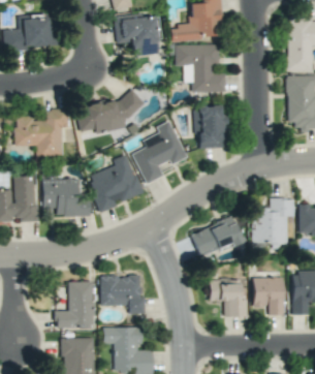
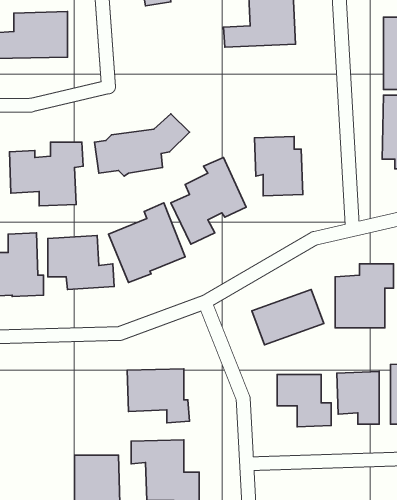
building: [114,13,161,57] -> none
building: [176,44,226,93] -> none
building: [56,281,94,329] -> none

